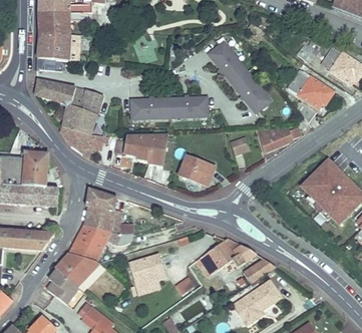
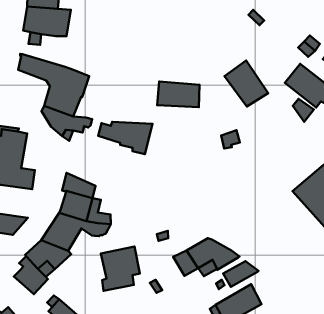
building: [204,37,249,85] -> none
building: [129,95,168,118] -> none
building: [258,126,301,150] -> none
building: [179,155,215,186] -> none

